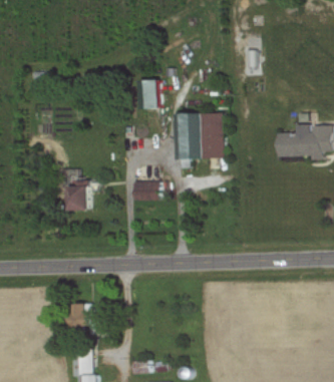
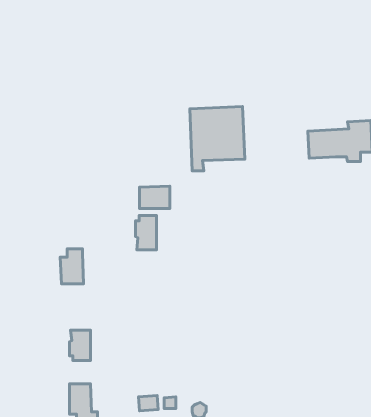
building: [138,79,158,108] -> none
building: [68,179,88,210] -> [60,249,84,284]
building: none -> [136,216,157,250]

